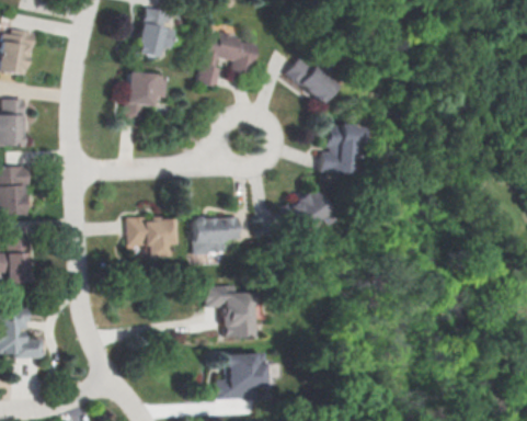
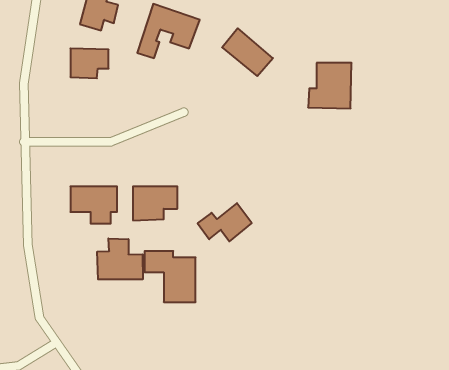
building: [319,126,364,173] -> [308,63,352,108]
building: [274,190,330,229] -> [198,203,252,241]
building: none -> [97,238,143,279]
building: [216,354,265,401] -> none

